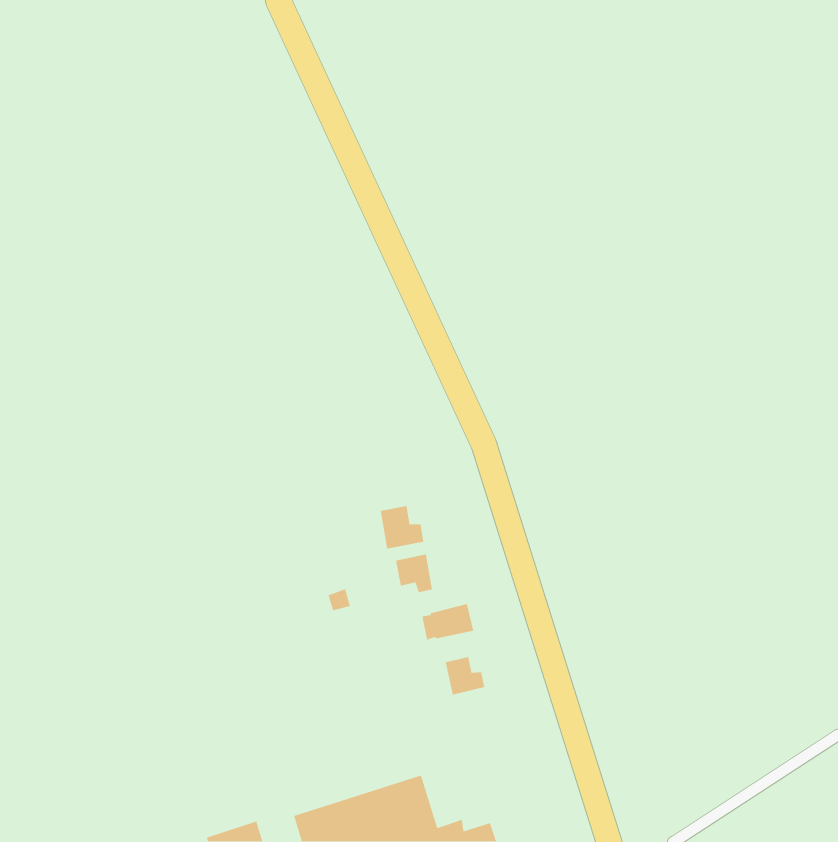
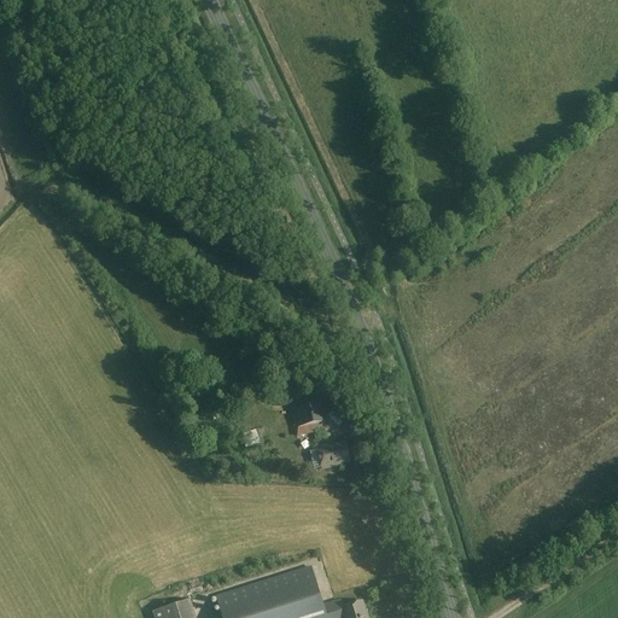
building: [380,505,424,549] -> none
building: [445,656,485,696] -> none

